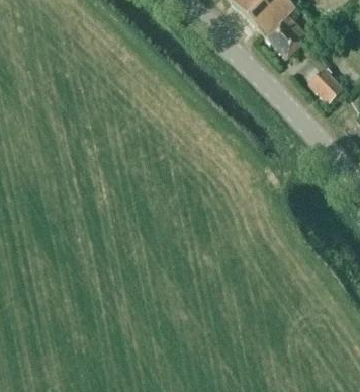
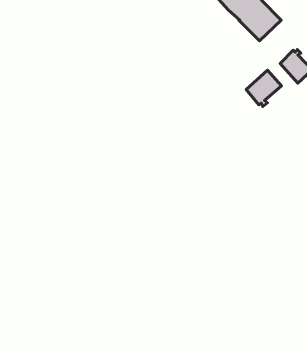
building: none -> [246,70,281,106]

